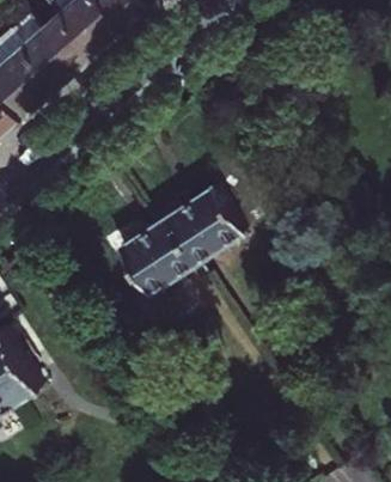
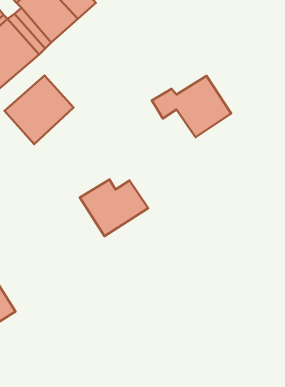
building: none -> [4,75,73,144]
building: [149,190,245,264] -> [152,76,231,137]

